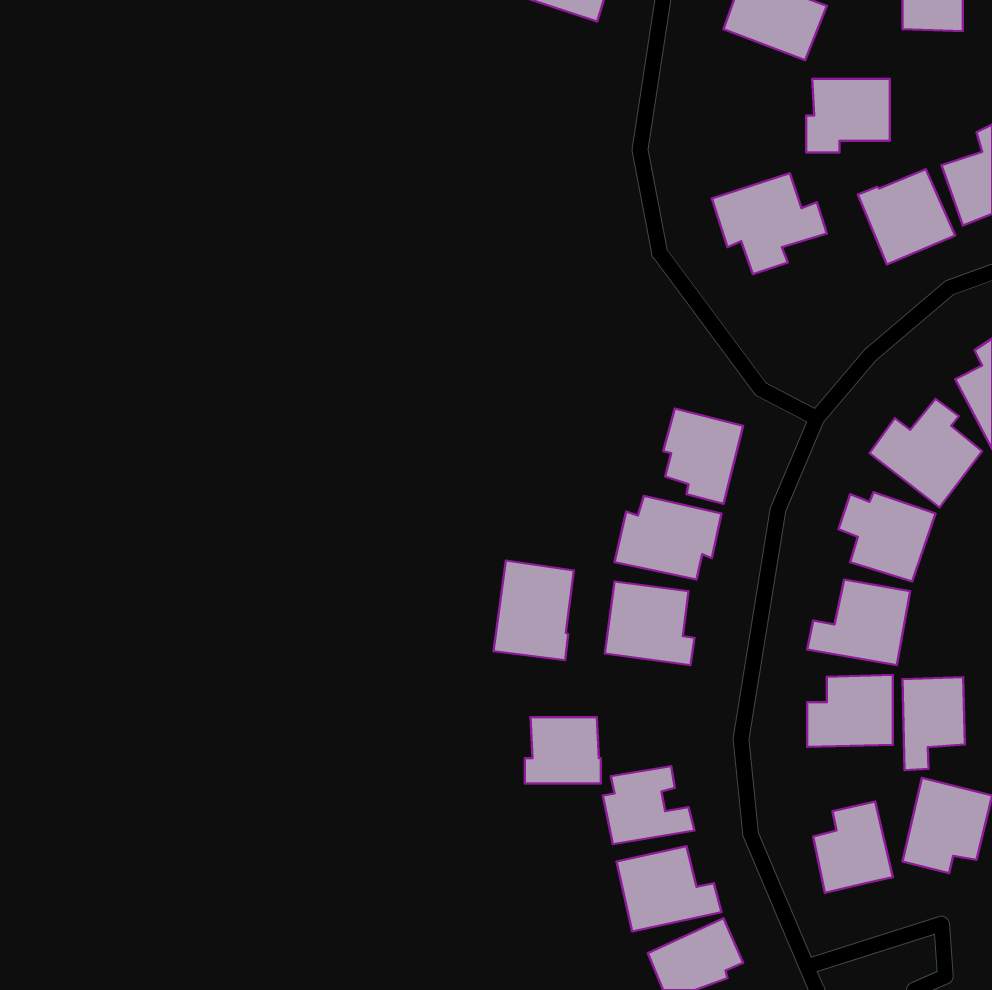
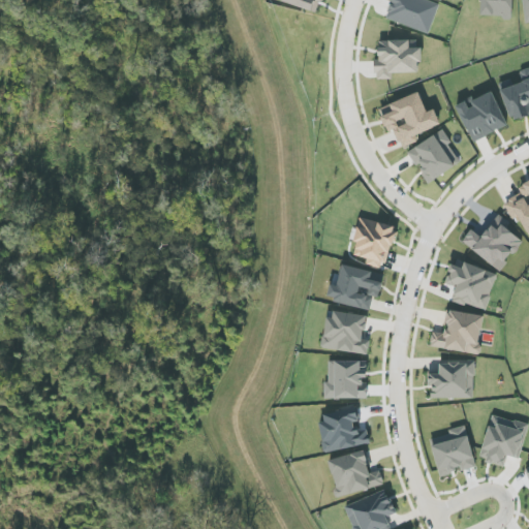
building: [806,79,890,153] -> [374,38,418,77]
building: none -> [406,129,461,181]
building: [494,560,574,660] -> none
building: [903,677,965,770] -> none
building: [525,717,601,783] -> [325,361,366,396]

